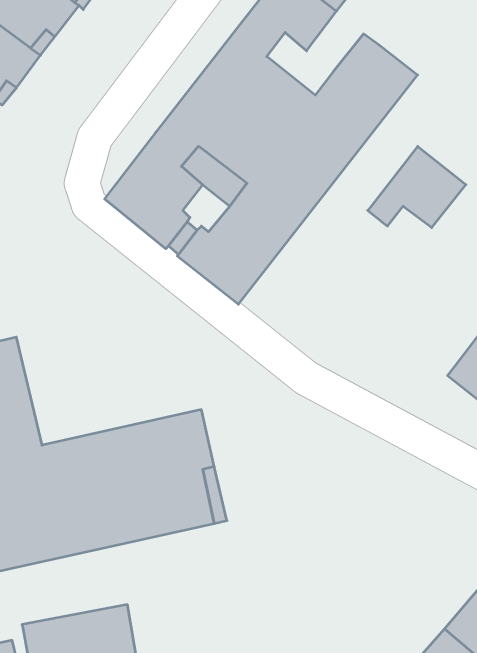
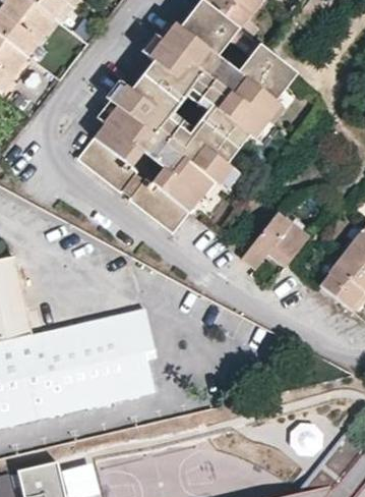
building: none -> [192,40,240,85]
building: [368,146,466,228] -> [240,211,310,269]

